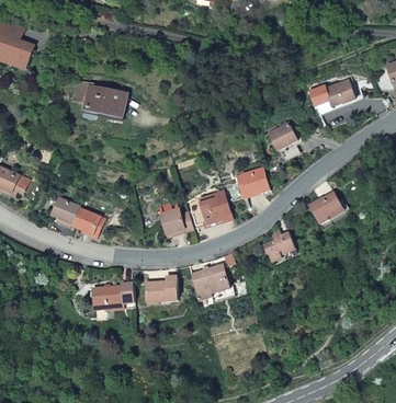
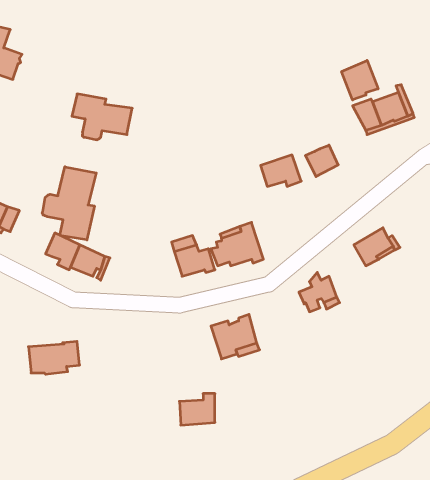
building: none -> [342,60,378,100]
building: none -> [42,167,96,240]
building: [236,166,270,193] -> [261,155,301,186]
building: [146,276,176,302] -> [179,394,215,425]
building: [91,283,134,310] -> [28,341,80,374]

